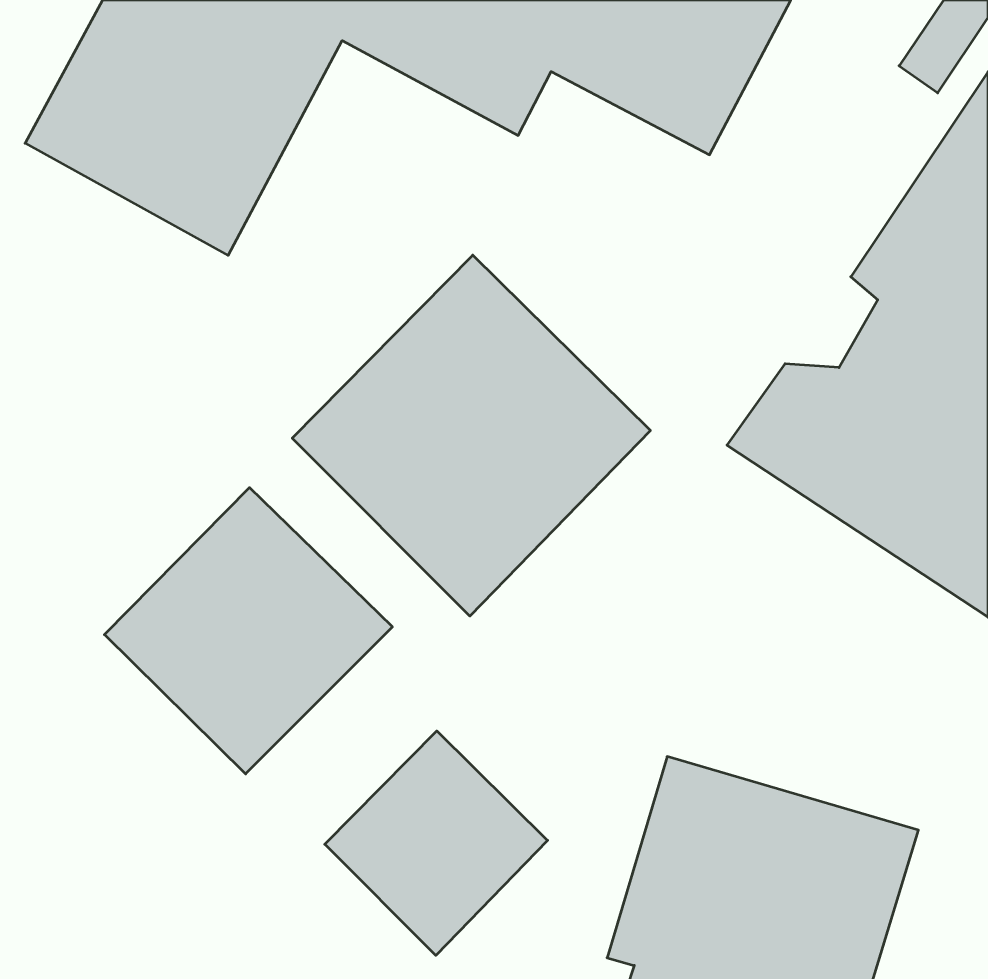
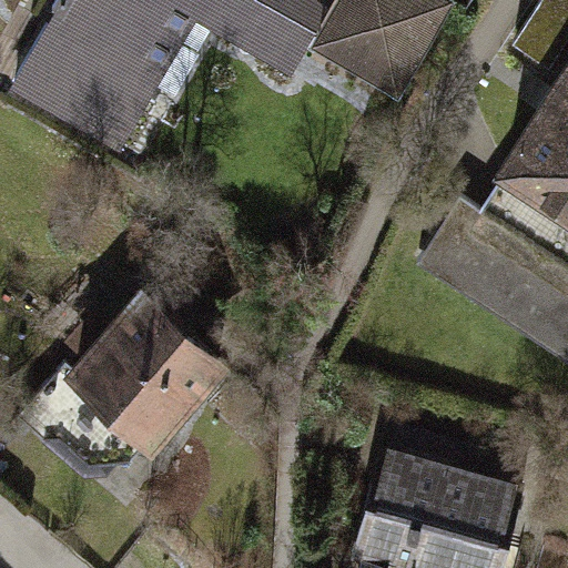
building: [292,255,650,616] -> none
building: [325,731,548,955] -> none

